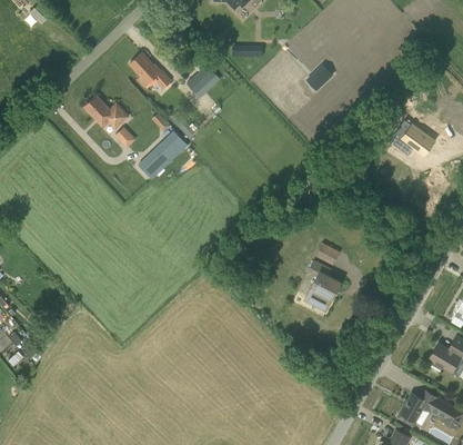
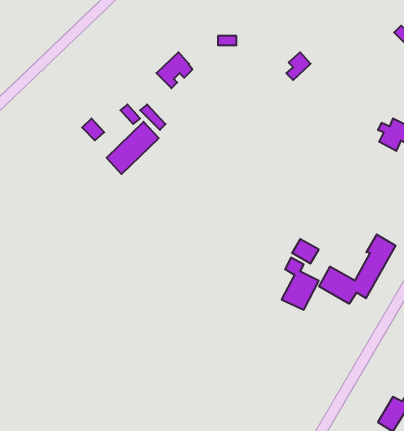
building: [130,52,171,88] -> none
building: [84,95,129,128] -> none
building: none -> [319,234,396,304]

